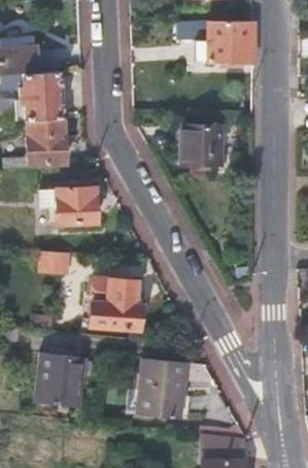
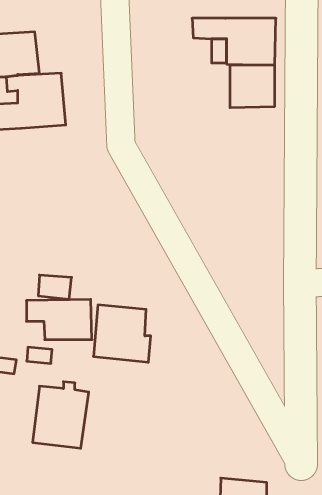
building: [26,118,67,165] -> none
building: [183,127,224,165] -> [230,65,275,108]
building: [41,188,100,224] -> [26,299,92,340]
building: [136,358,186,419] -> none

